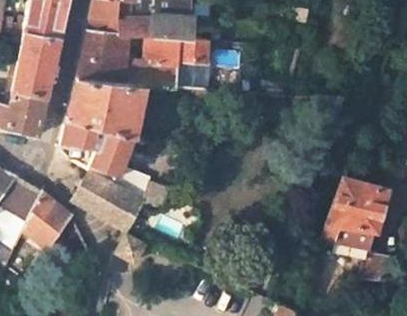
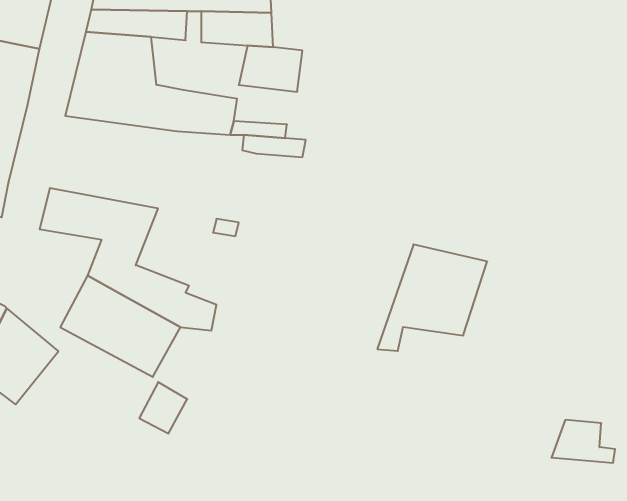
building: [145,33,182,67] -> none
building: [67,77,141,131] -> none
building: [325,178,389,240] -> [377,244,487,351]

